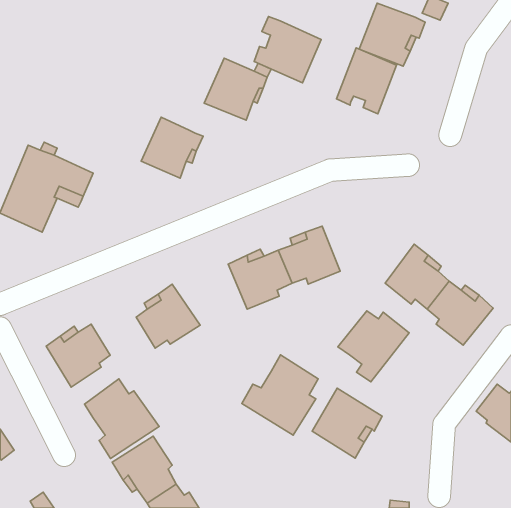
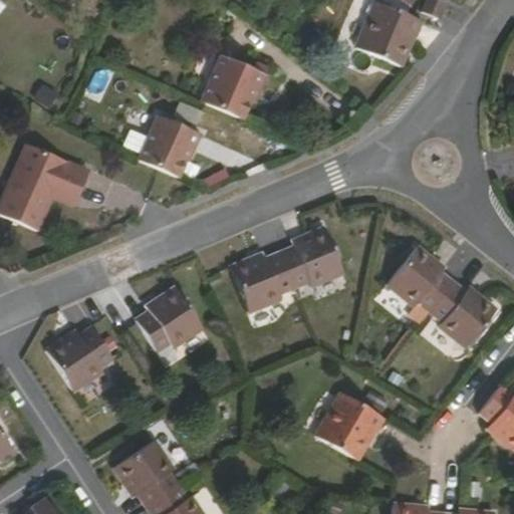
building: [254,17,321,83] -> none
building: [337,48,396,114] -> none
building: [338,311,409,382] -> none
building: [242,355,318,435] -> none
building: [85,379,159,458] -> none

